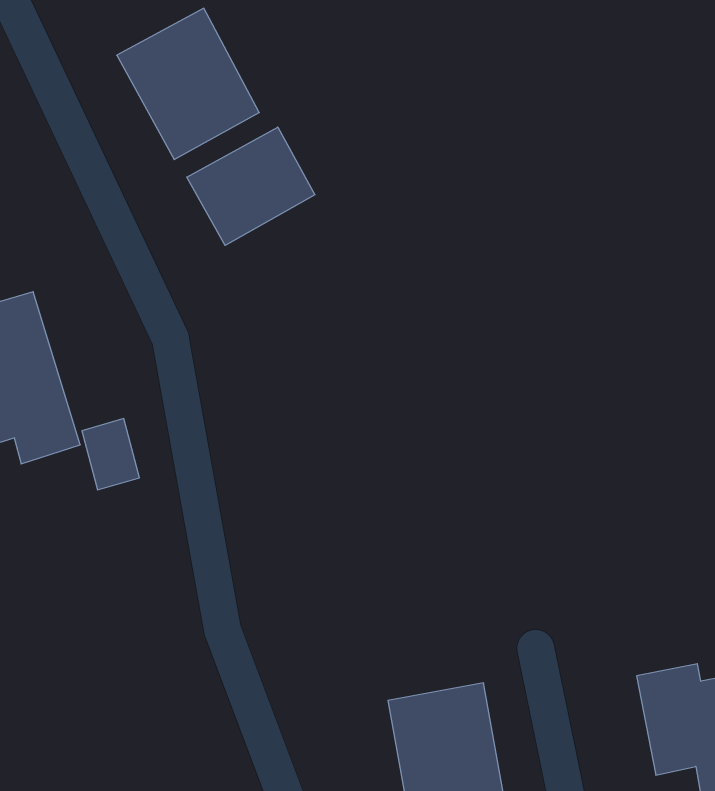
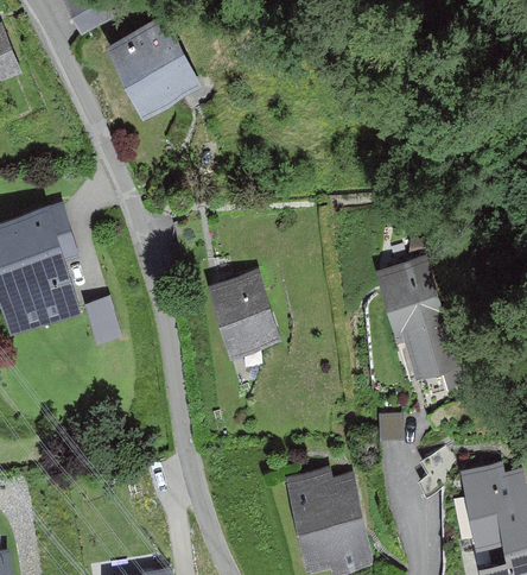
building: [187,127,315,245] -> none
building: none -> [375,258,459,378]
building: none -> [208,273,279,360]

